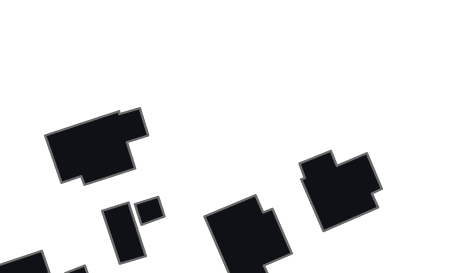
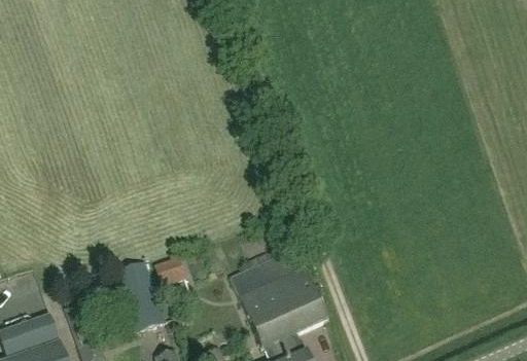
building: [45,108,148,185] -> none
building: [299,151,382,231] -> none

